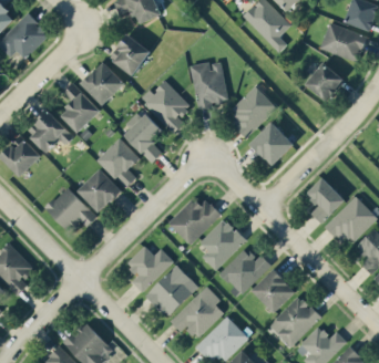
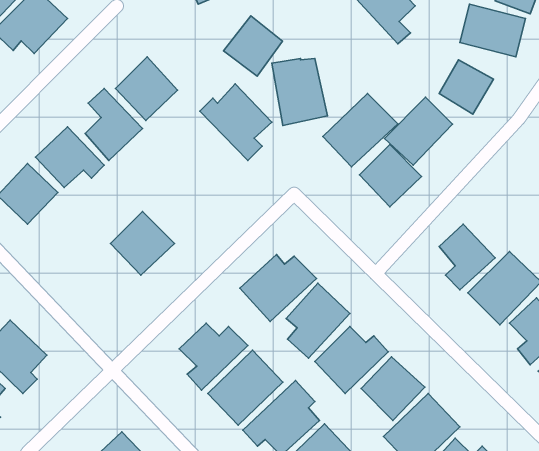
building: [109,33,150,75] -> [224,16,283,76]
building: none -> [385,97,453,165]
building: [121,112,162,163] -> none
building: [98,137,140,187] -> none
building: [44,186,95,234] -> none

